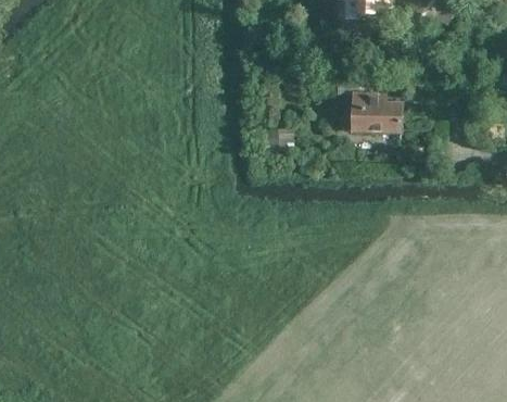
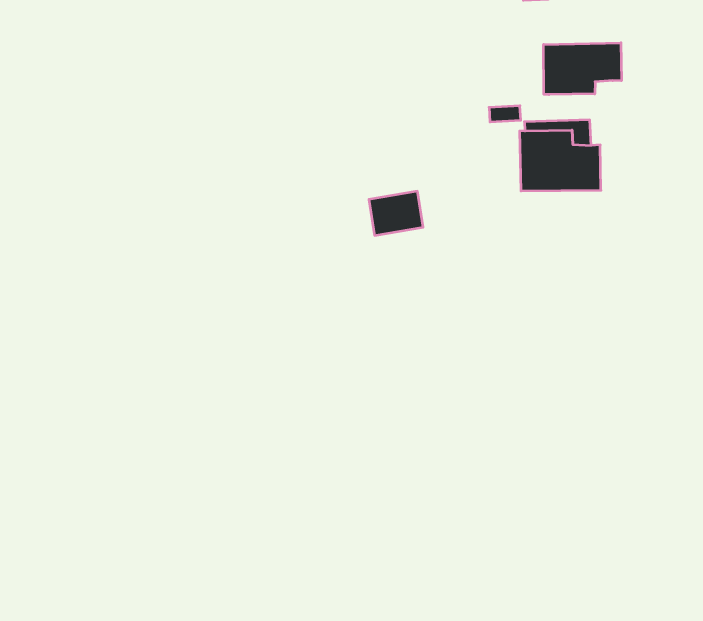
building: none -> [544,43,621,95]

